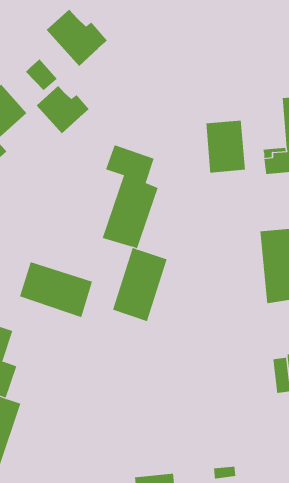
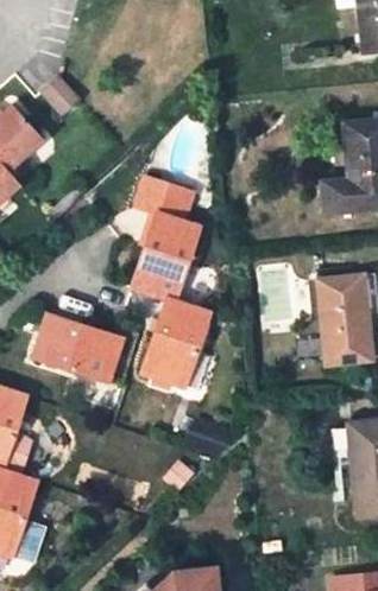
building: [46,9,108,67] -> none
building: [36,85,89,134] -> none
building: [206,120,245,173] -> none

